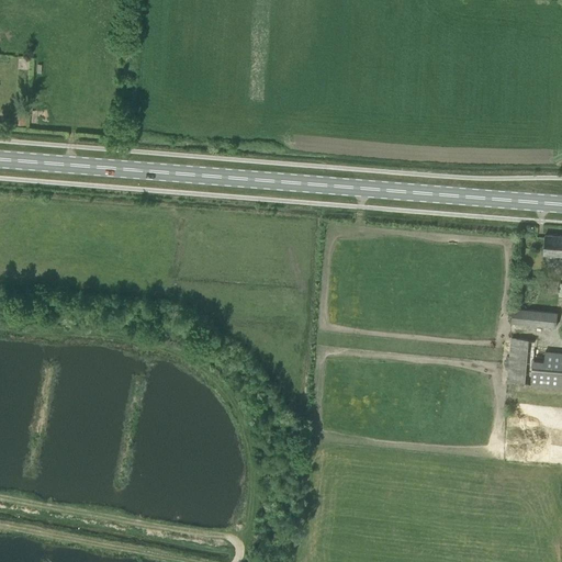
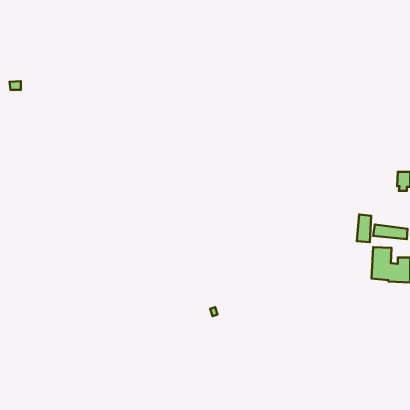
building: none -> [357,215,371,242]

